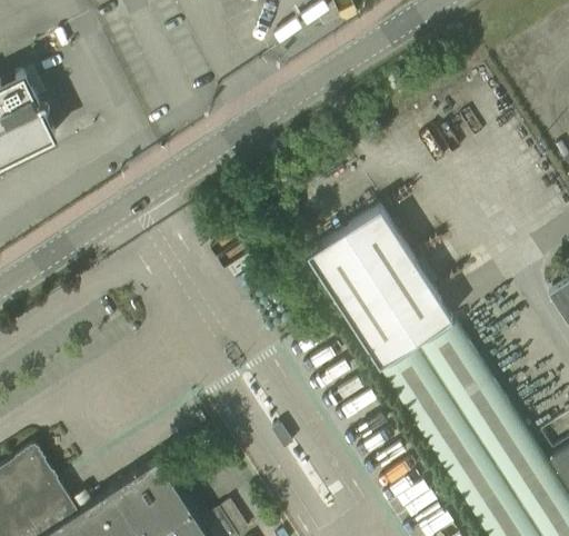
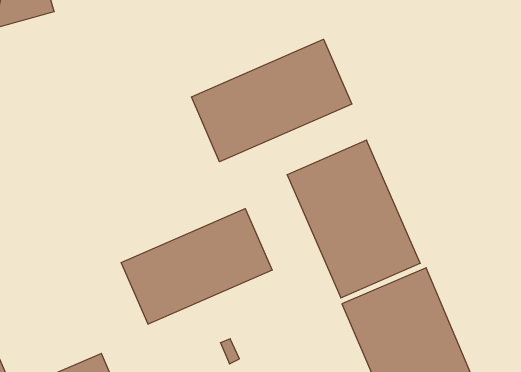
building: none -> [191,39,352,162]
building: none -> [121,209,272,324]

